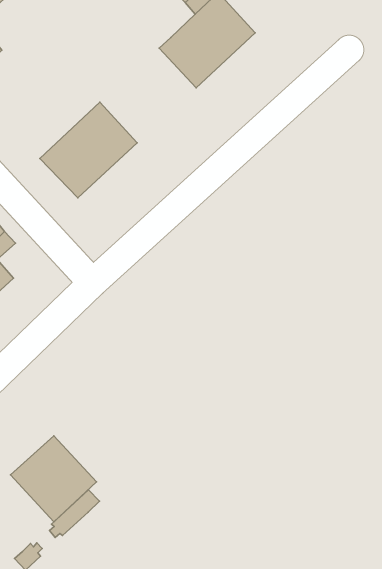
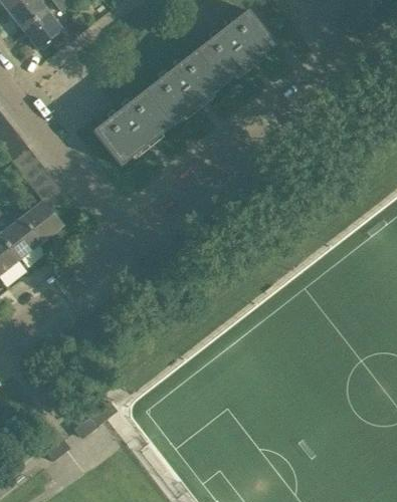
building: none -> [145,51,223,126]
building: [10,436,97,522] -> none

